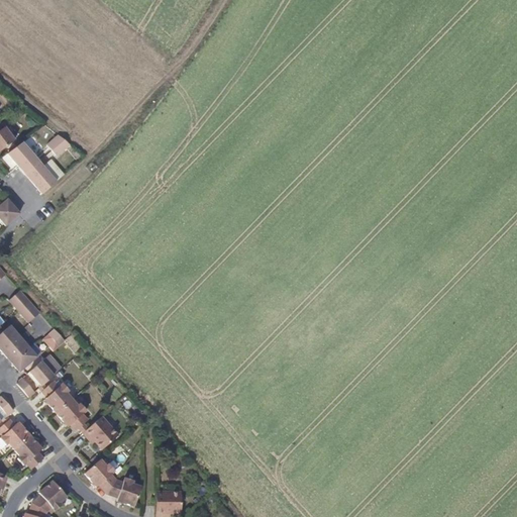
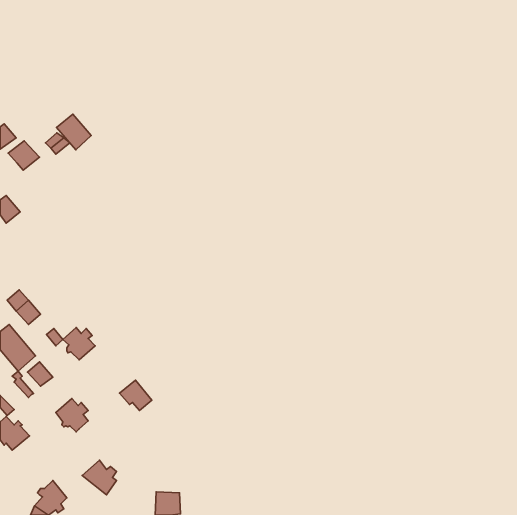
building: [24,157,59,192] -> [57,114,91,150]
building: [40,379,73,411] -> [63,327,95,360]
building: [83,418,115,448] -> [119,380,152,410]
building: [13,434,43,469] -> none
building: [107,479,138,506] -> none

